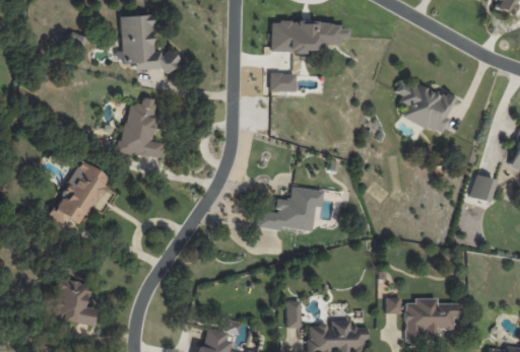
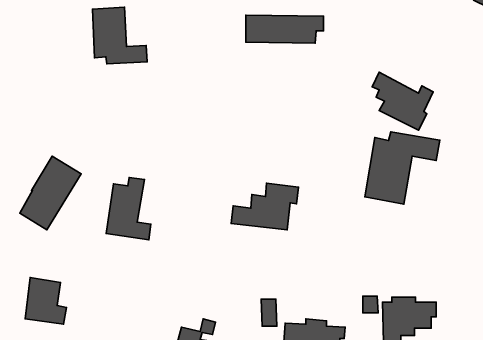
building: [271,72,297,90] -> none
building: [121,96,165,157] -> [106,178,151,240]
building: none -> [365,132,440,204]
building: [472,173,496,201] -> none

